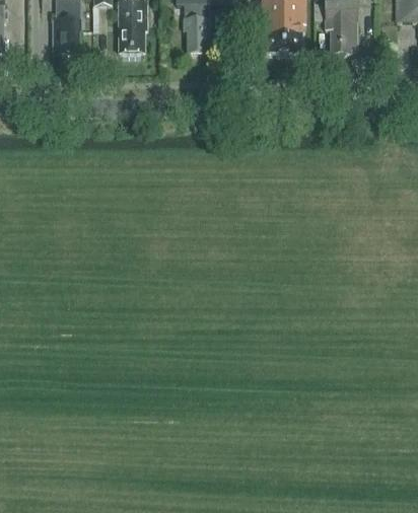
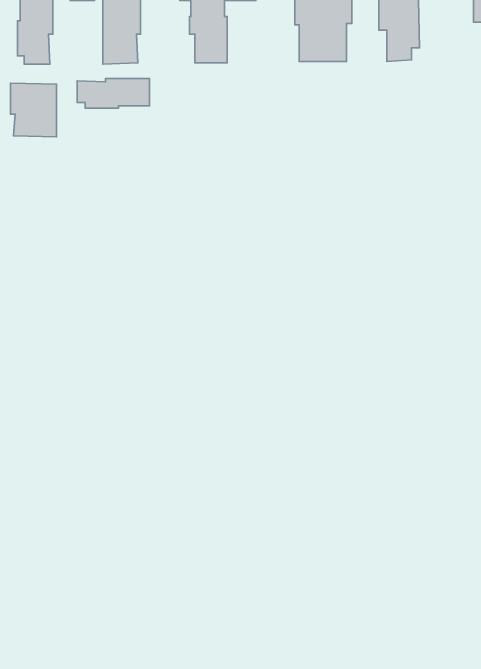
building: none -> [77,78,149,108]
building: none -> [10,83,57,137]

